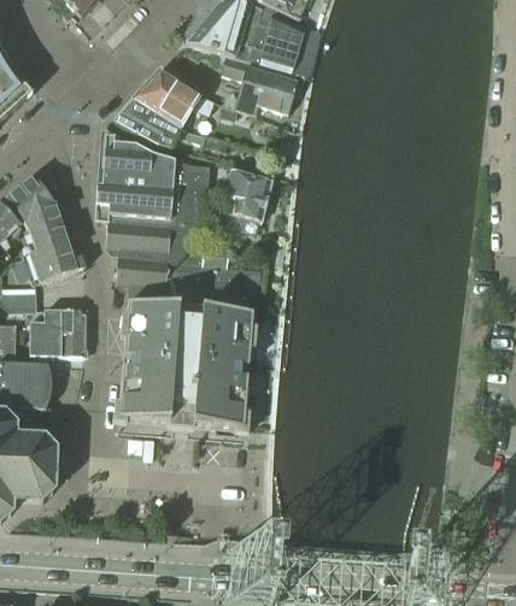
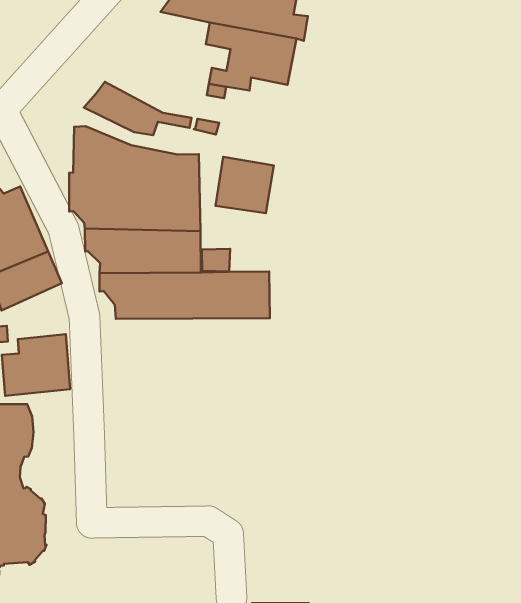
building: [133,70,212,128] -> none
building: [117,302,251,428] -> none

